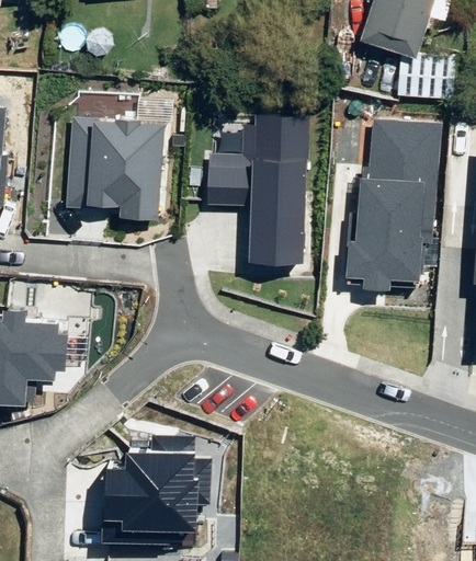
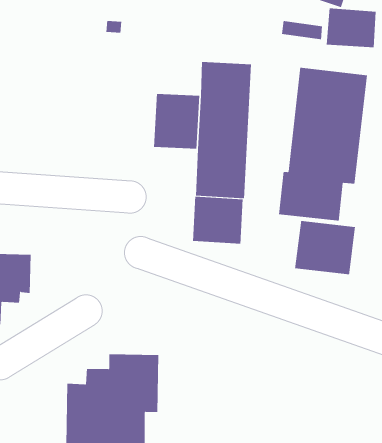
building: [65,113,165,224] -> none
building: none -> [192,196,243,244]
building: none -> [295,220,356,275]

